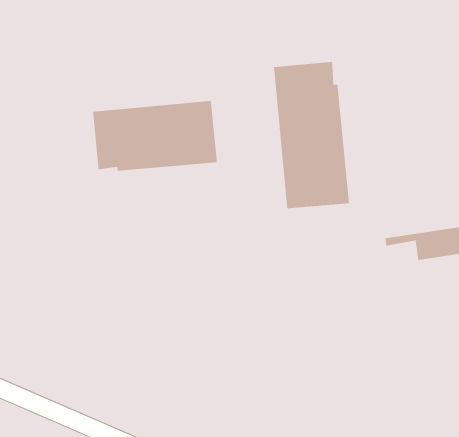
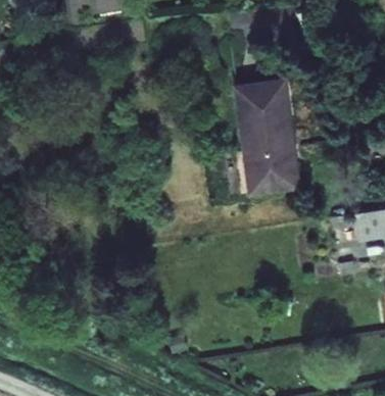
building: [92,100,217,171] -> none

